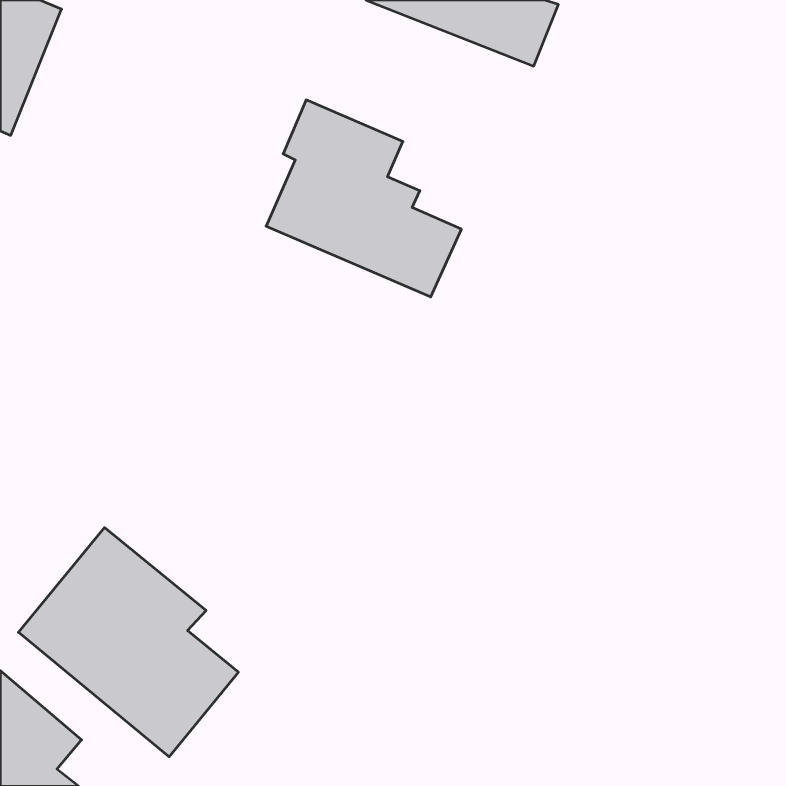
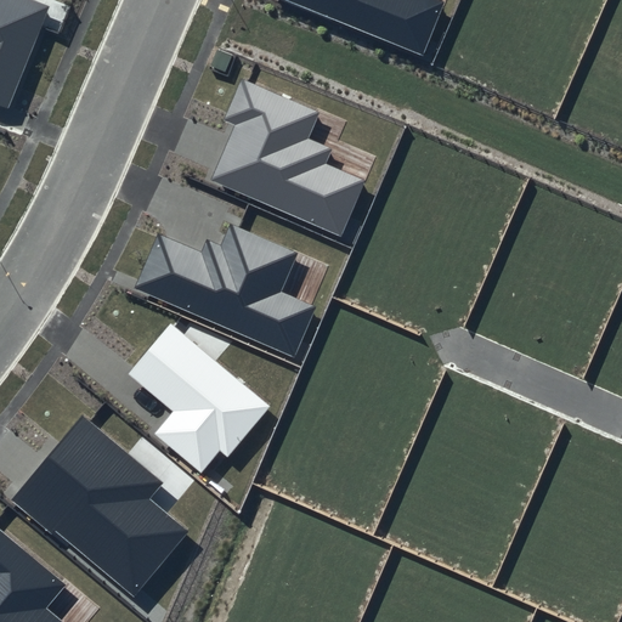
building: none -> [134,224,315,357]
building: none -> [126,323,270,473]

